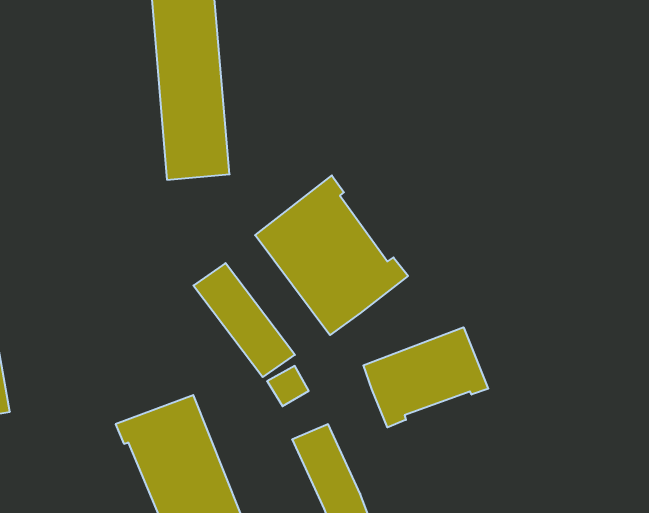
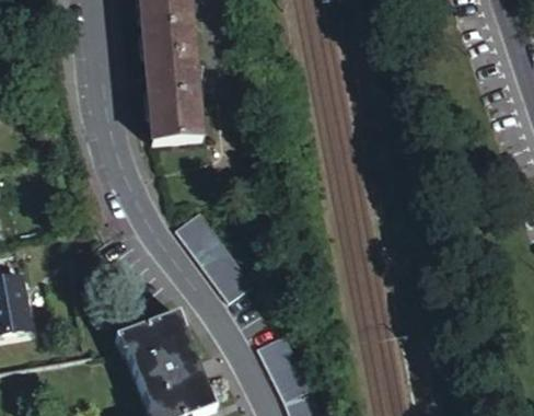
building: [255,175,408,335] -> none
building: [363,327,488,427] -> none

